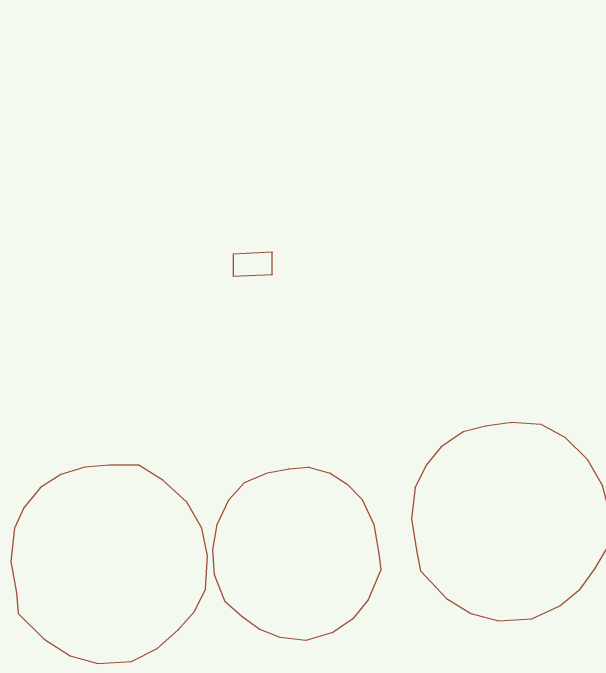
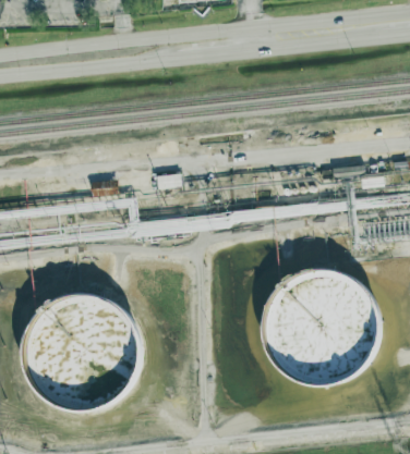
building: [213,467,381,640] -> none

